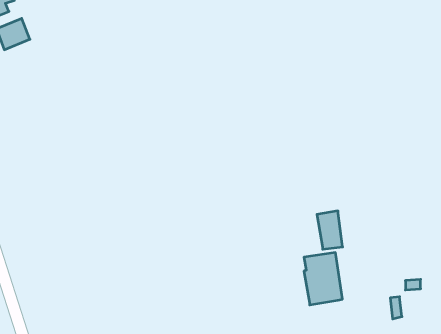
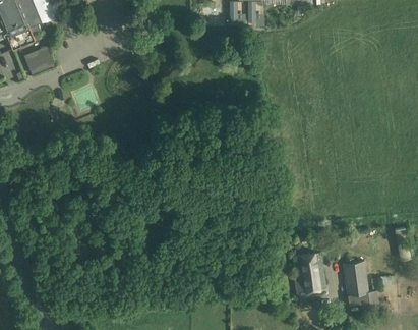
building: [317,211,343,249] -> [343,260,365,293]

